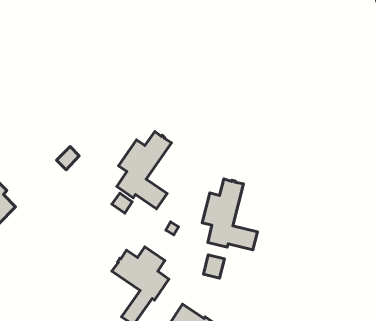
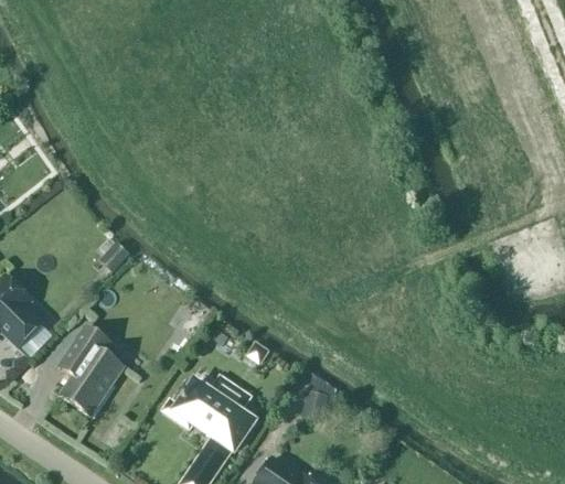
building: [117,131,171,209] -> none
building: [202,179,258,250] -> none
building: none -> [61,325,126,415]

